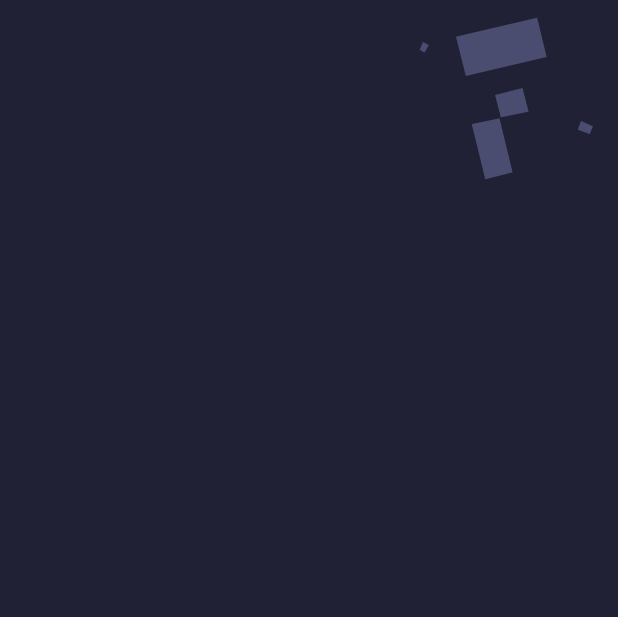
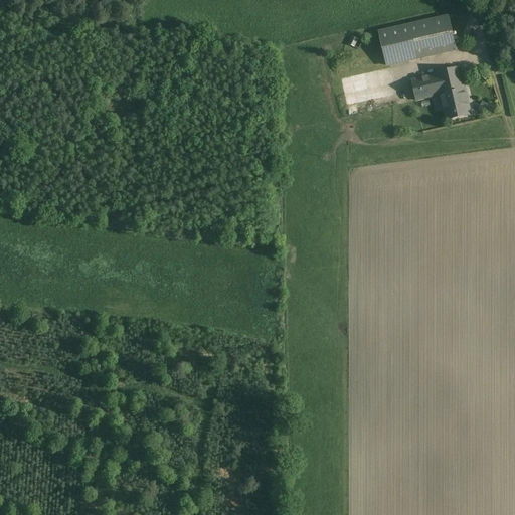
building: [471,118,514,180] -> [434,66,469,118]

